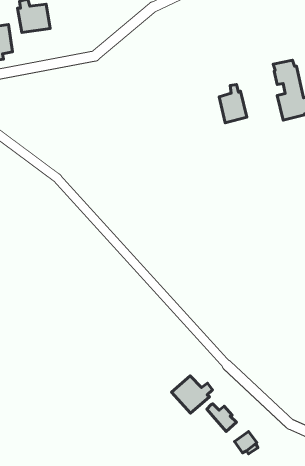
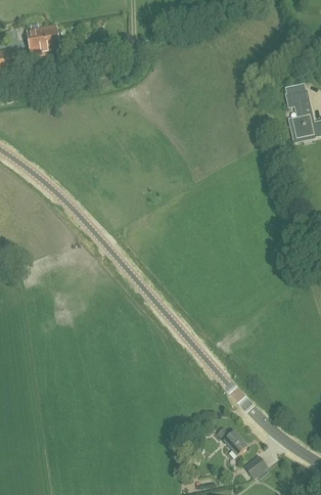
building: [219,85,247,123] -> none
building: [171,376,212,413] -> none

